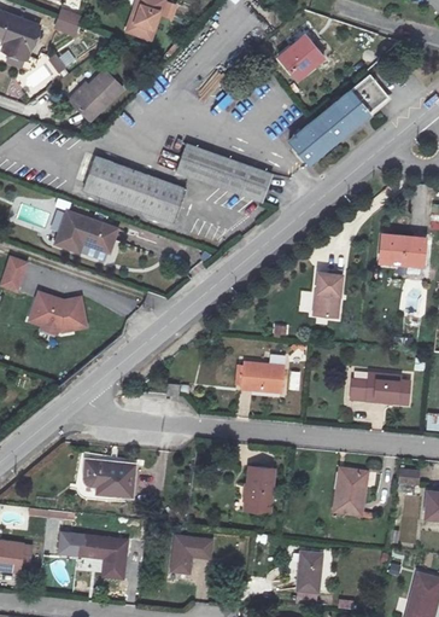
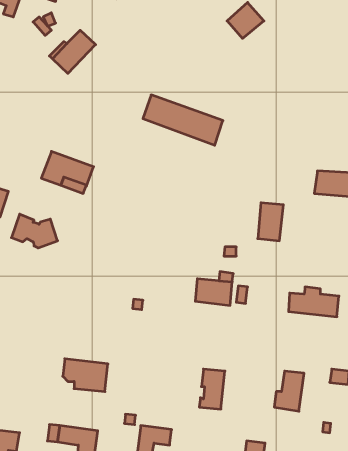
building: [288,74,388,164] -> none
building: [84,157,187,225] -> none

